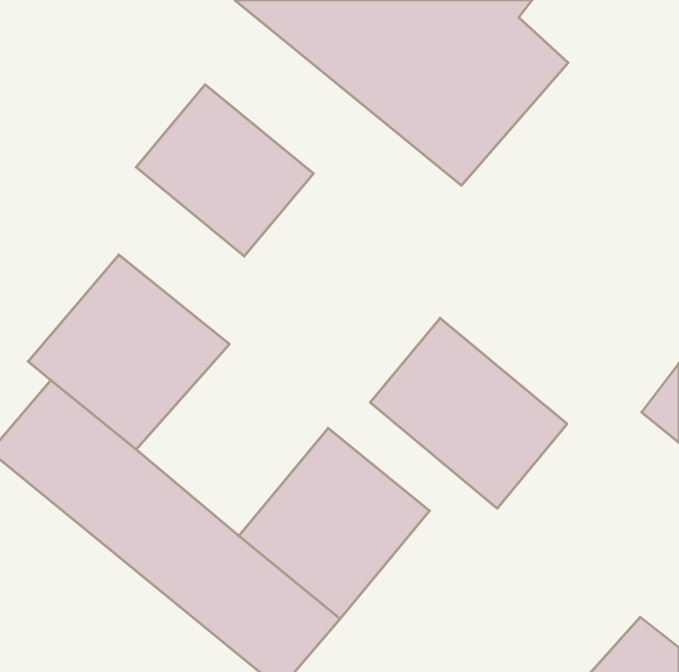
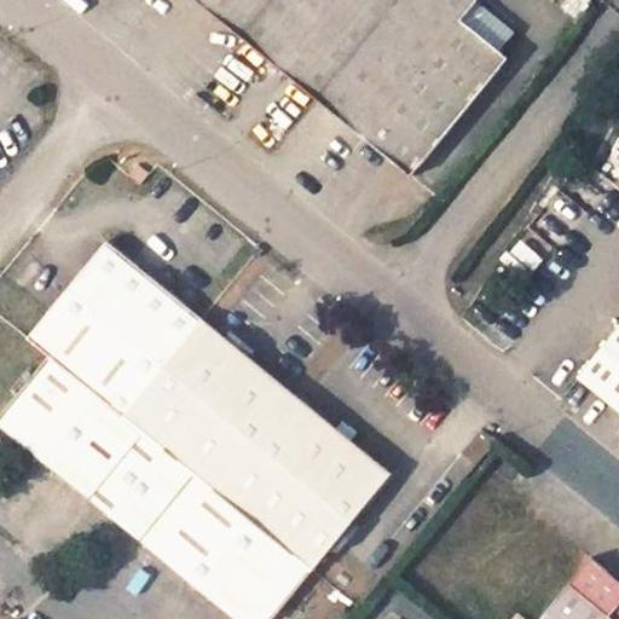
building: [136,85,313,256] -> none
building: [370,318,567,508] -> none
building: none -> [123,320,297,494]

